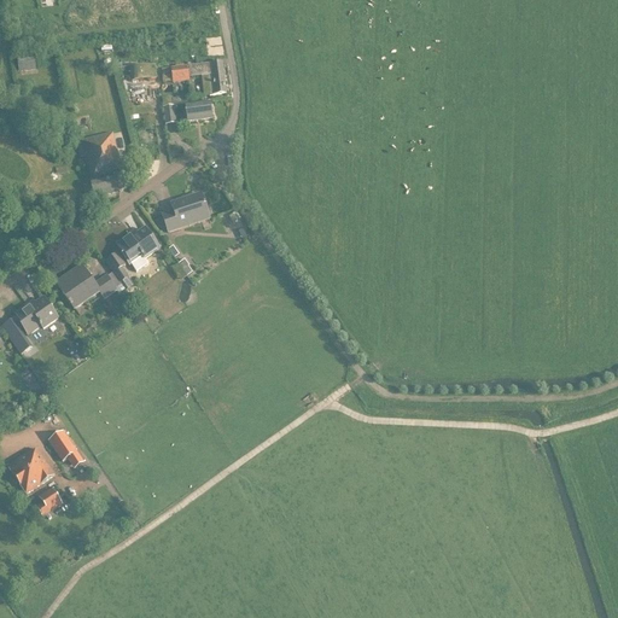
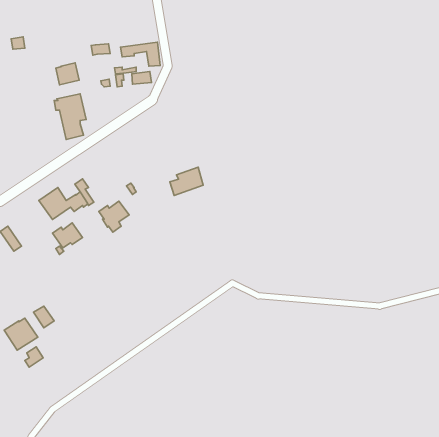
building: none -> [56,63,79,85]
building: [162,191,209,231] -> [170,167,203,195]
building: [117,227,159,270] -> [99,201,129,232]
building: [16,297,58,332] -> [52,223,83,248]

